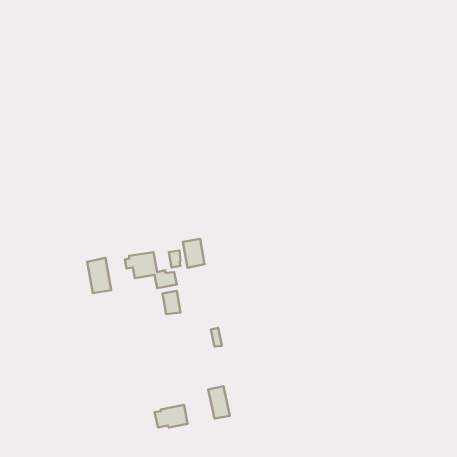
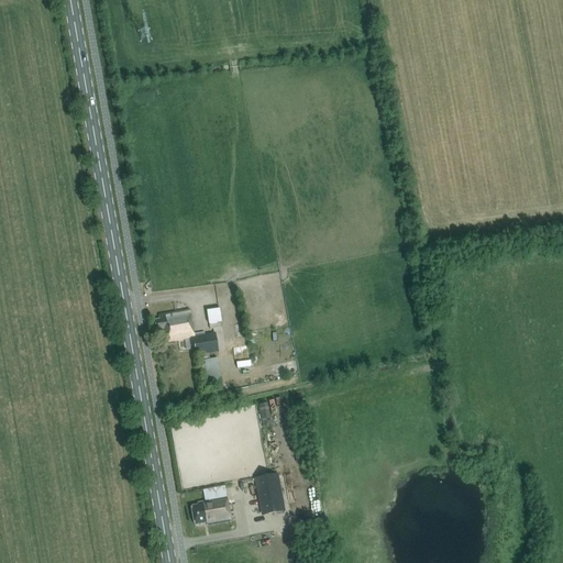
building: [183,239,205,268] -> none
building: [87,258,111,293] -> none

